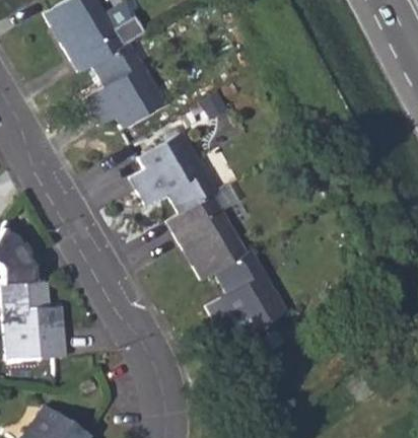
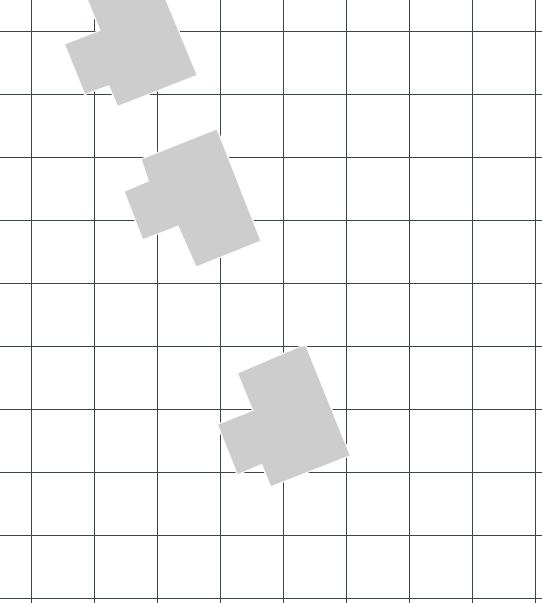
building: [167,196,246,280] -> none

